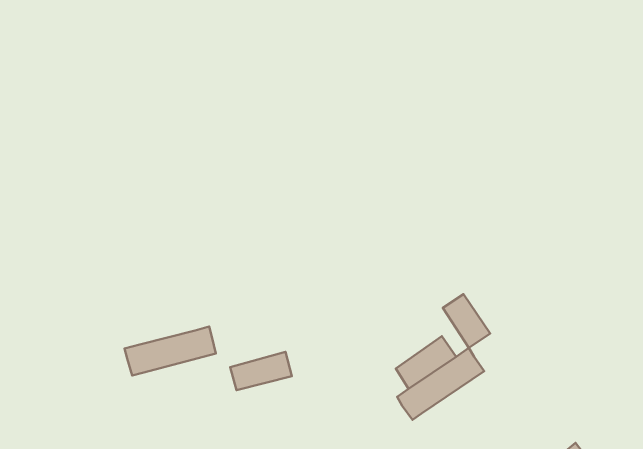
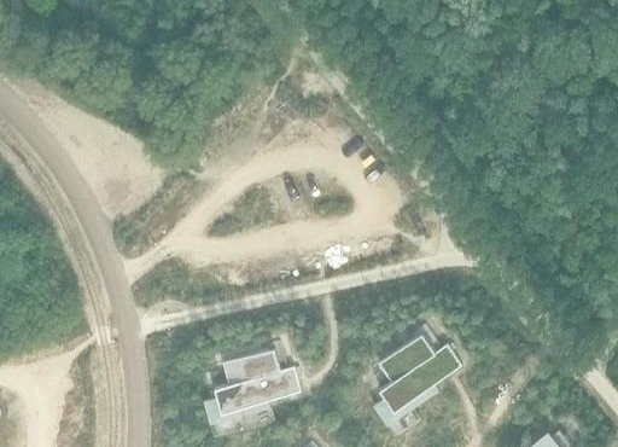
building: [443,294,490,348] -> none
building: [125,327,216,375] -> [215,370,301,416]

